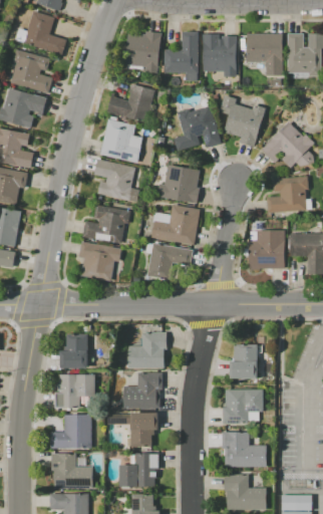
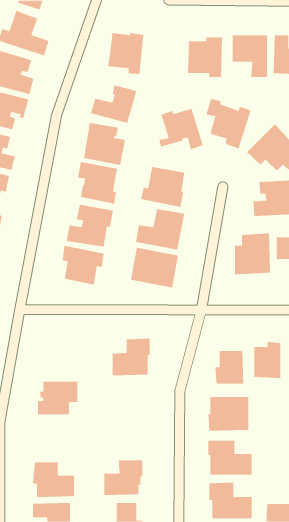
building: [165,31,198,81] -> none
building: [60,333,88,368] -> none
building: none -> [254,341,281,379]
building: [123,372,163,408] -> none
building: [107,413,157,446] -> none
building: [51,414,91,449] -> none

